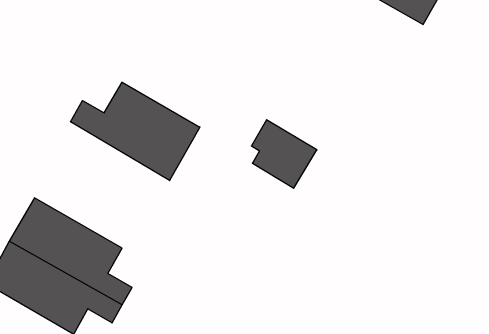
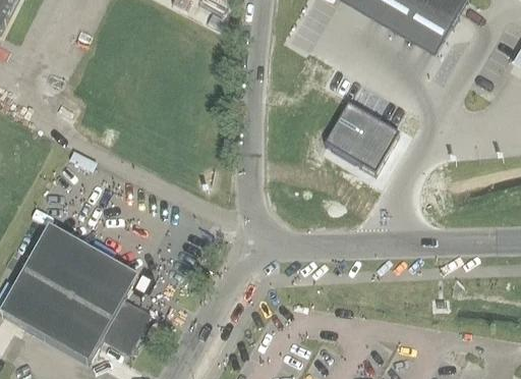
building: [71,82,200,181] -> none
building: [251,120,317,188] -> [329,103,395,172]

